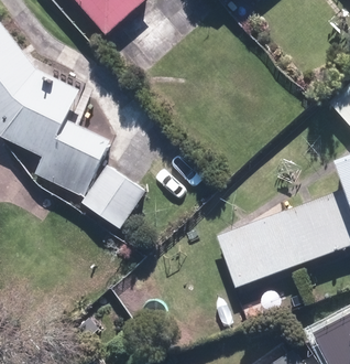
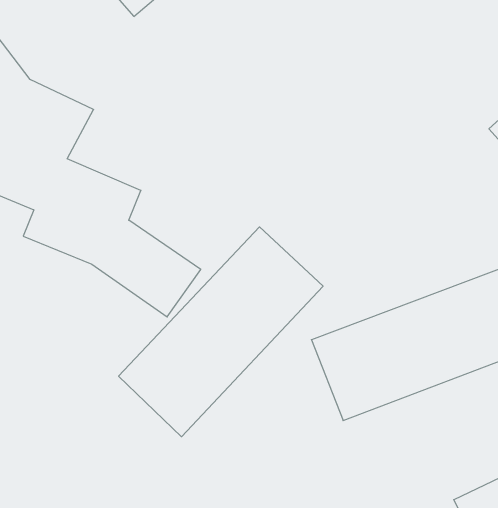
building: none -> [119,227,323,437]

